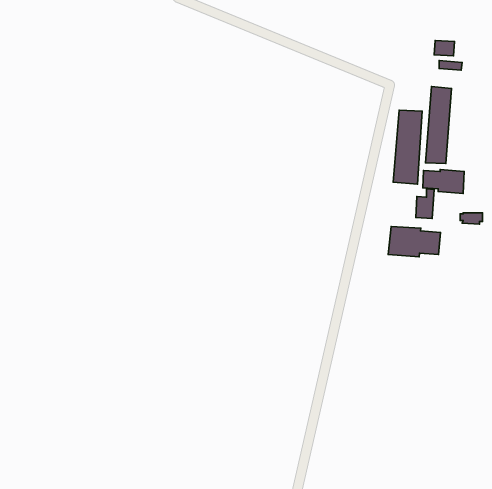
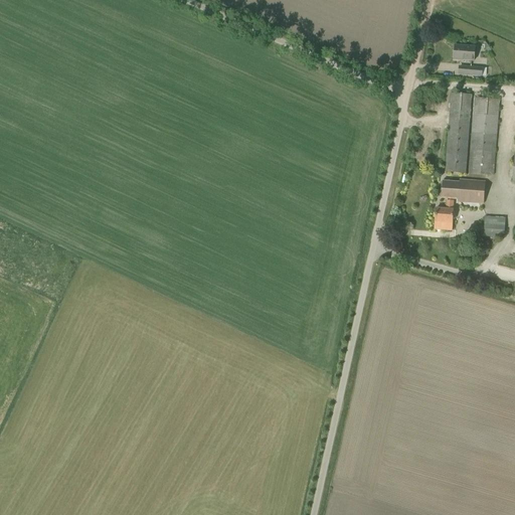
building: [393,110,422,184] -> [469,96,499,173]
building: [388,226,440,257] -> none

